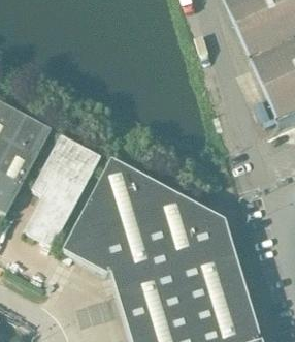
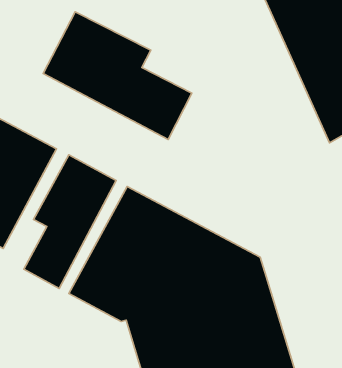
building: none -> [43,12,192,140]

